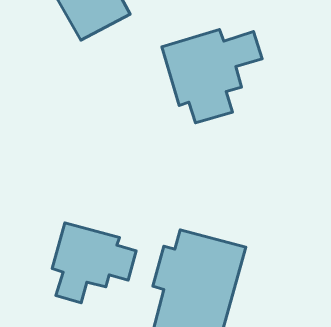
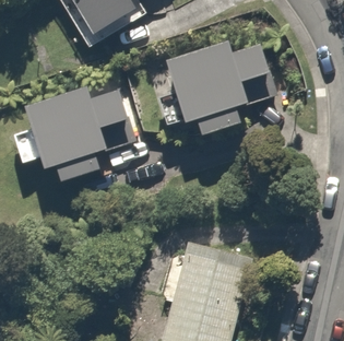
building: none -> [14,74,140,181]
building: [52,223,136,303] -> none

